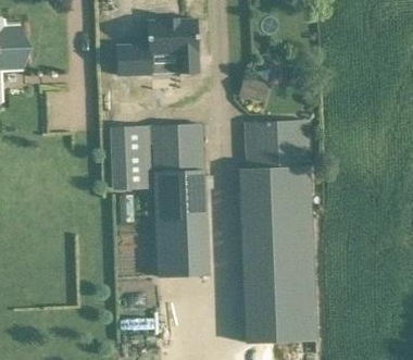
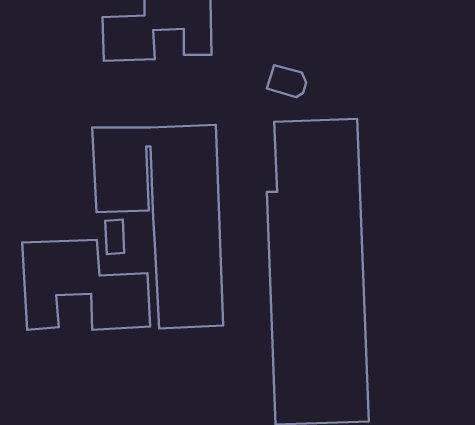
building: none -> [22,240,150,330]

